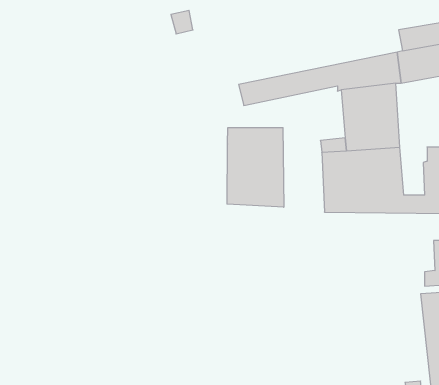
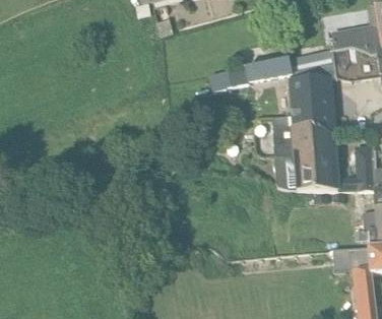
building: [227,128,284,207] -> none

